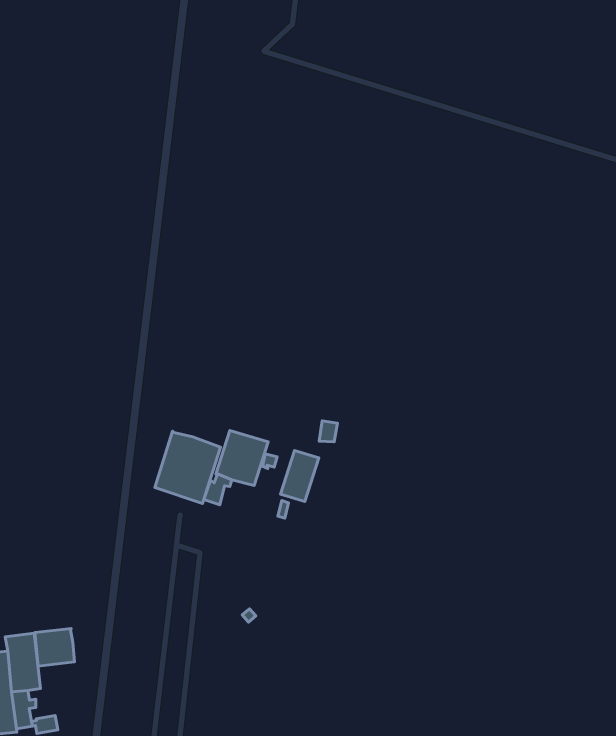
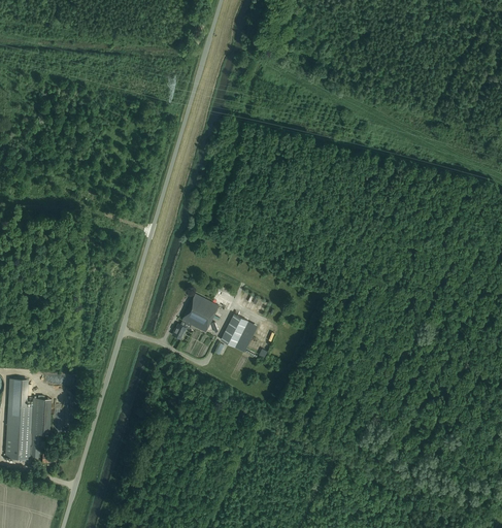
building: [155,431,220,503] -> none
building: [35,628,74,666] -> none

